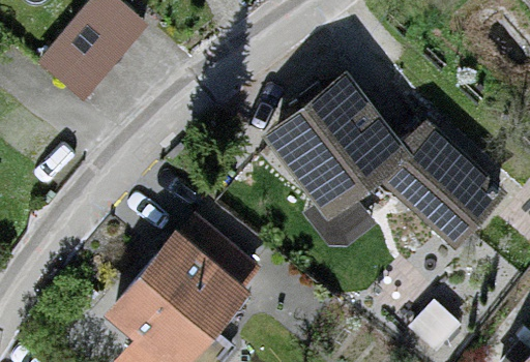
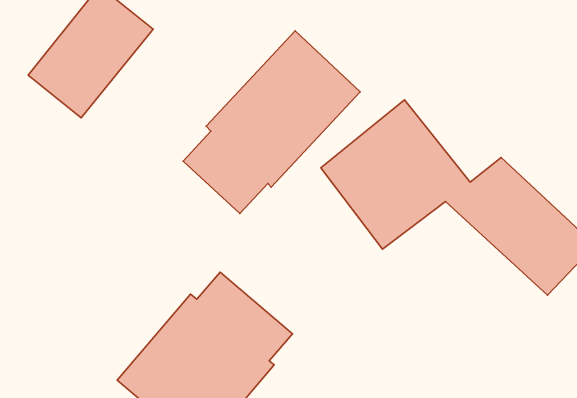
building: none -> [183,31,360,213]

